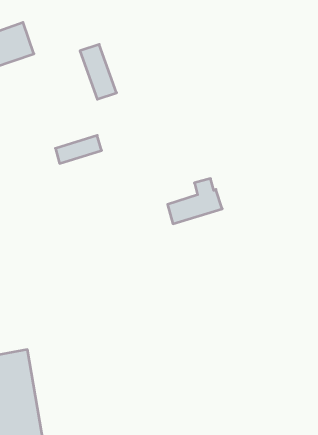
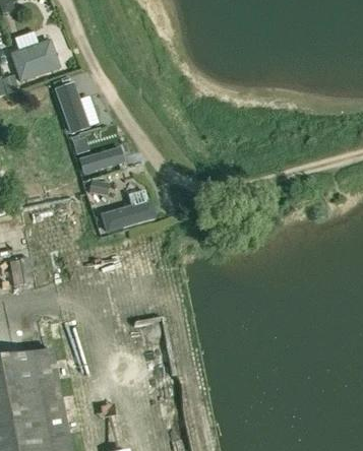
building: [80,44,117,99] -> [55,81,89,133]
building: [168,179,222,224] -> [103,190,155,233]

